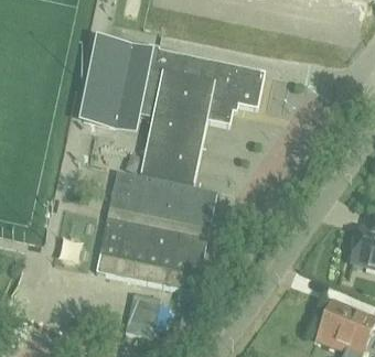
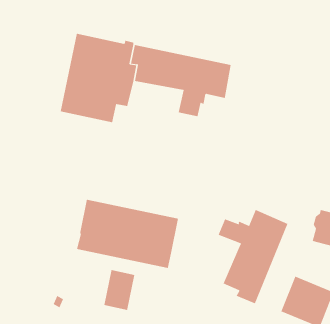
building: [109,88,217,228] -> none
building: none -> [218,209,288,304]

